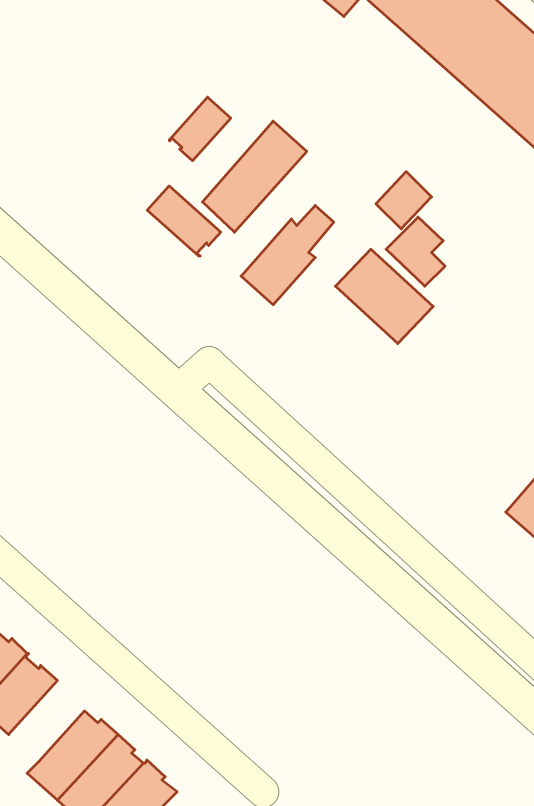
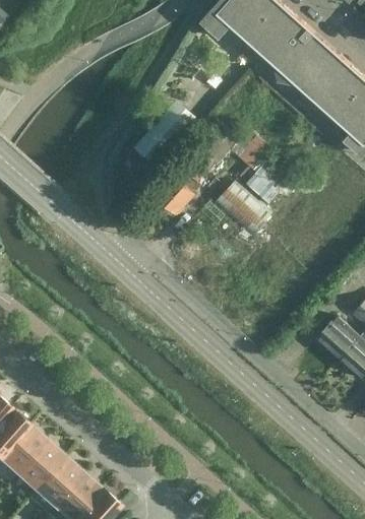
building: [169,97,231,161] -> none
building: [147,186,221,256] -> none
building: none -> [17,440,63,489]

